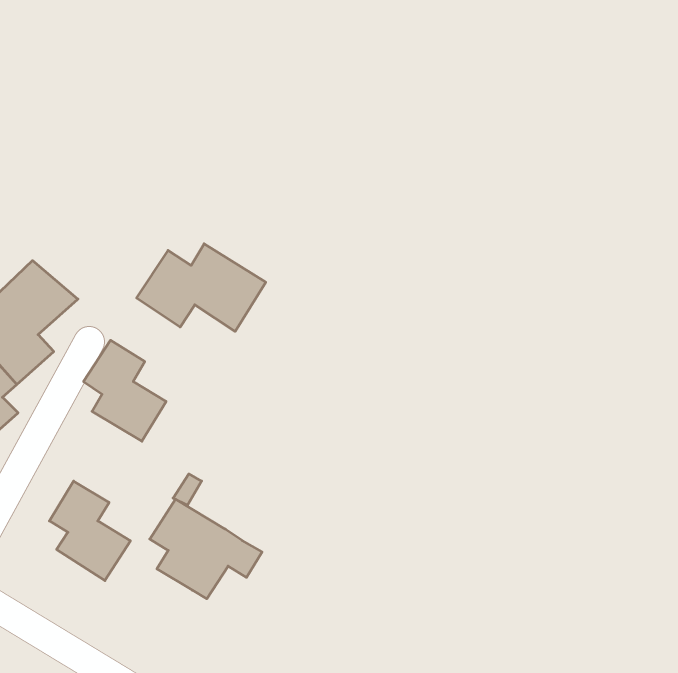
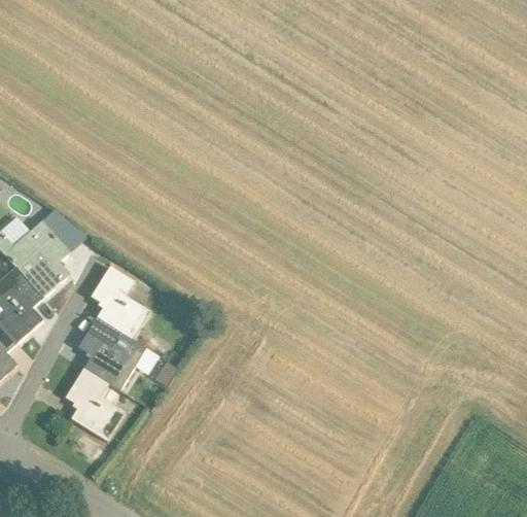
building: [137,244,266,331] -> none
building: [150,499,262,599] -> [77,318,159,390]

